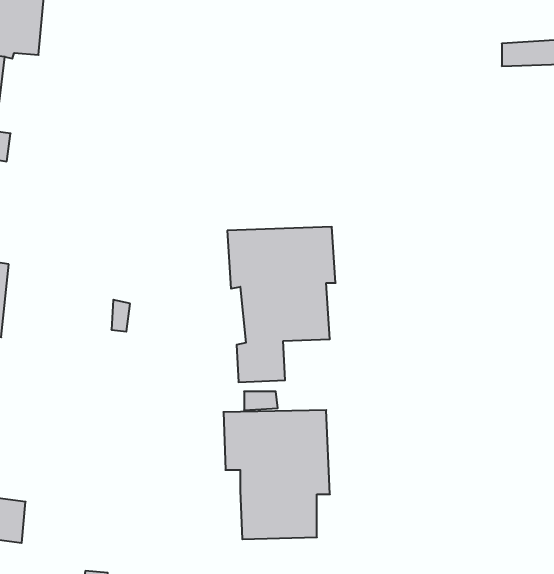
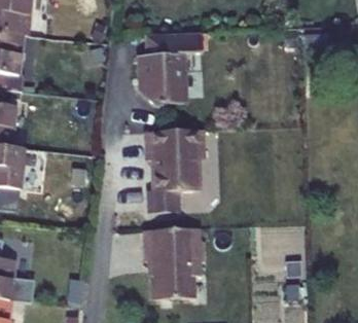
building: none -> [139,32,202,113]

